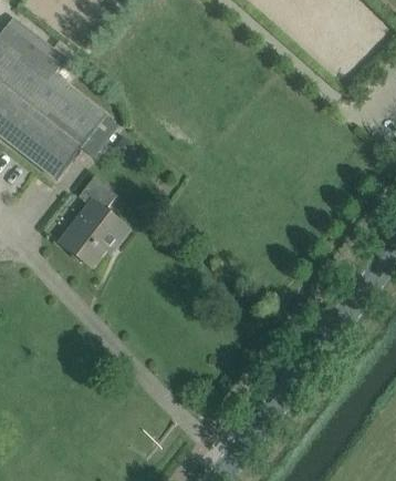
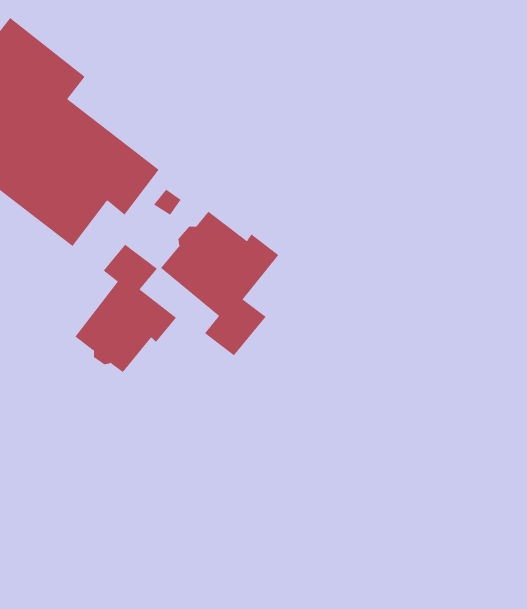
building: none -> [160,211,279,356]

